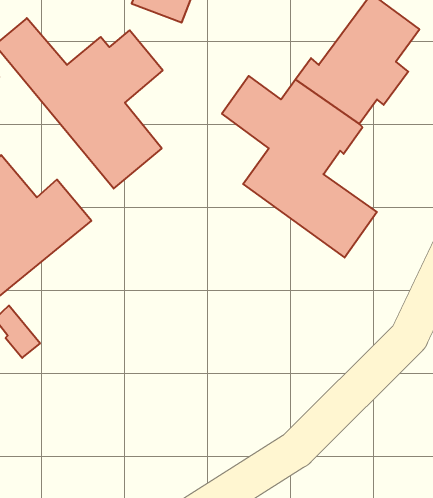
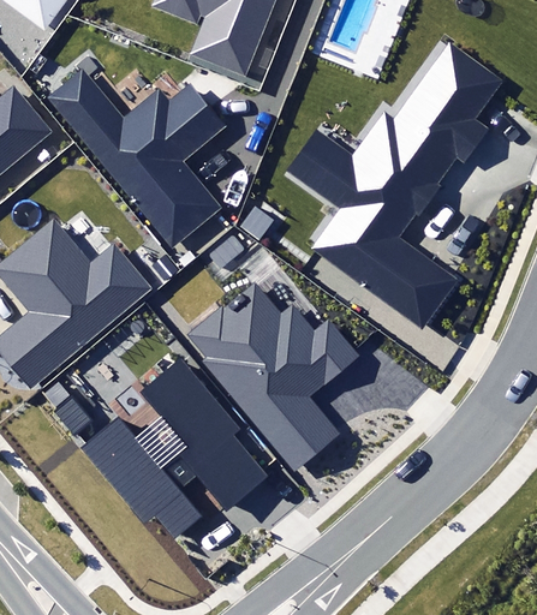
building: none -> [189,277,357,468]
building: none -> [78,359,267,537]

